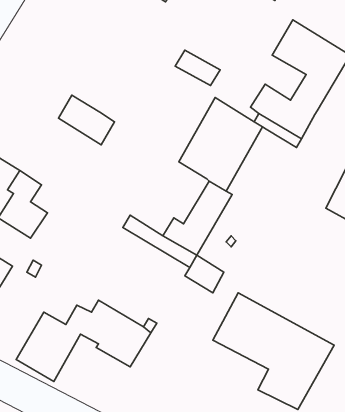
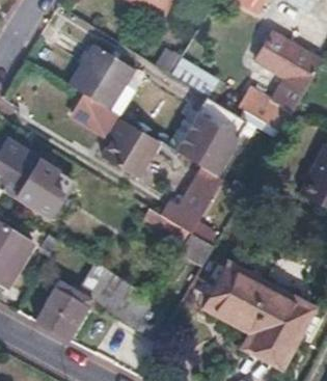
building: none -> [70,47,133,109]
building: none -> [105,117,157,175]

